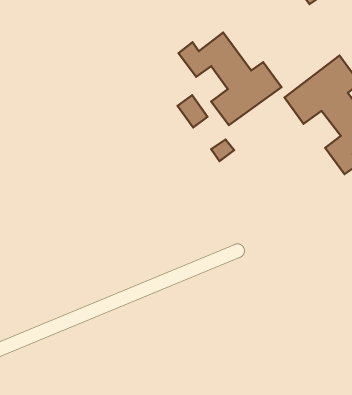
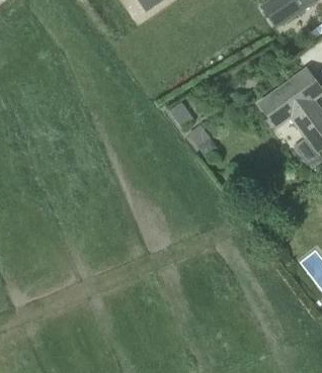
building: [178,33,281,125] -> none

